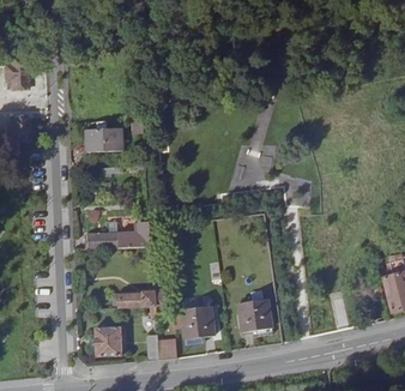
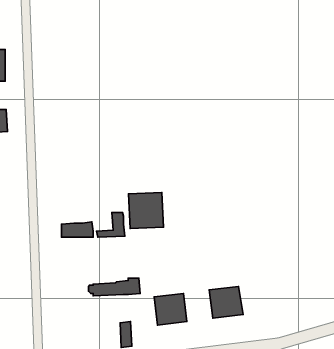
building: [90,127,123,150] -> none
building: none -> [129,193,163,228]
building: [96,325,123,355] -> none

